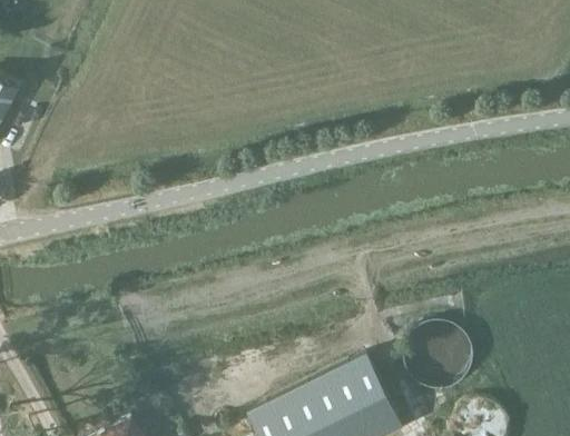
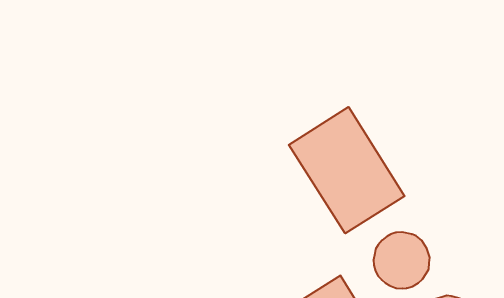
building: none -> [289,107,405,233]

